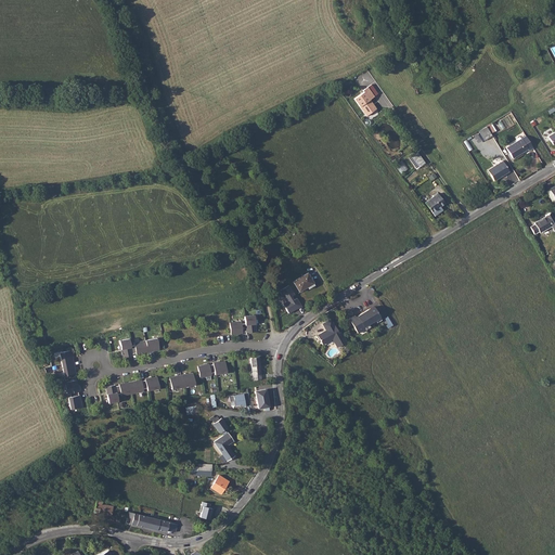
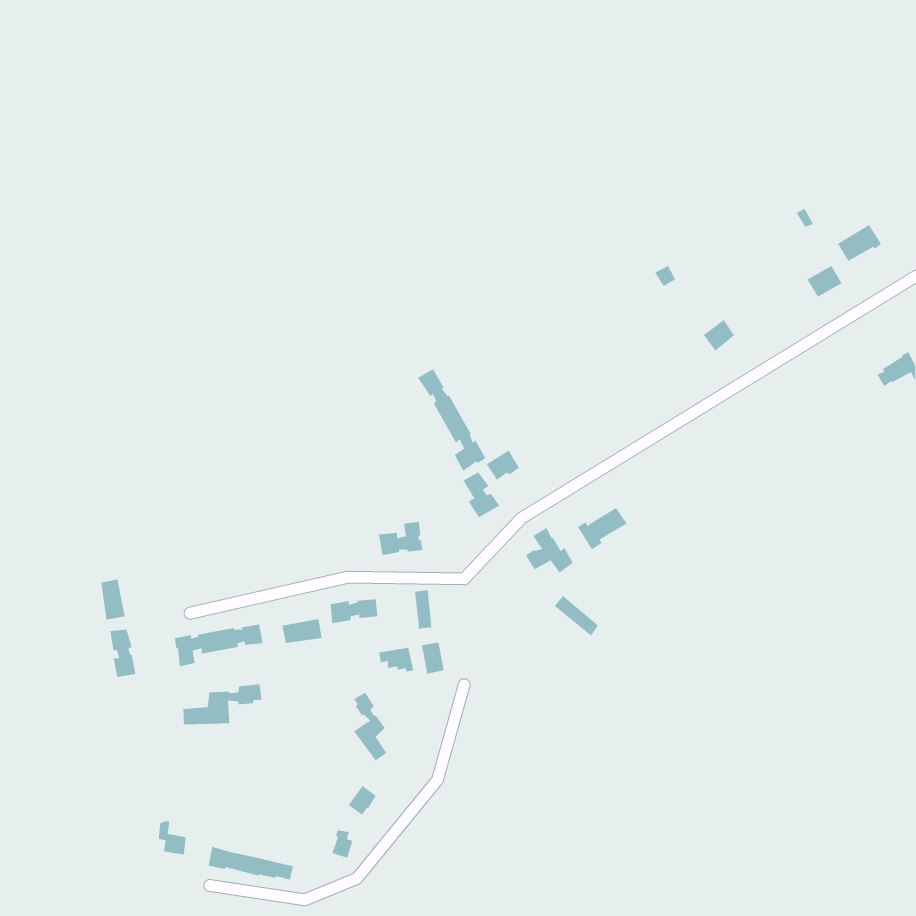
building: [354,83,379,116] -> none
building: none -> [417,368,486,472]
building: [120,337,159,357] -> none
building: none -> [183,684,262,727]

